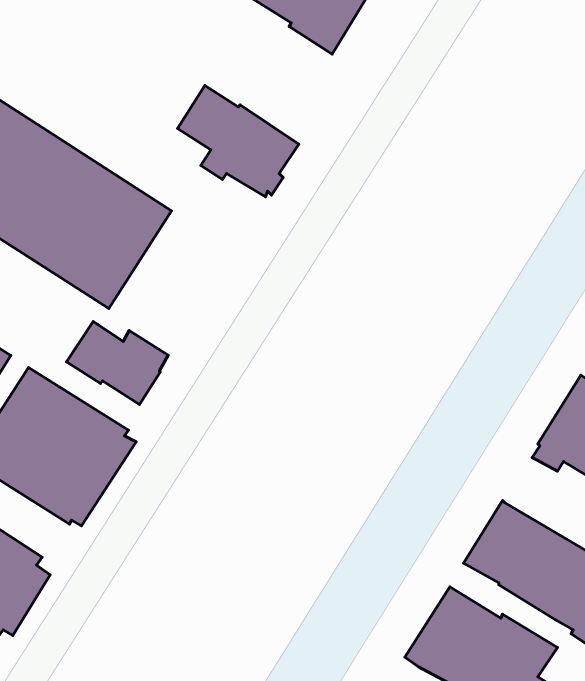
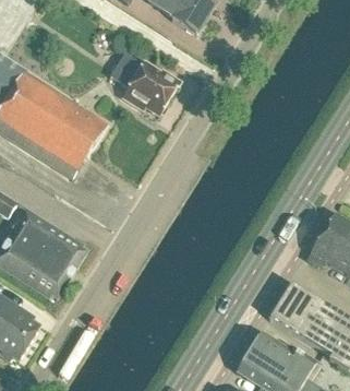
building: [66,322,168,404] -> none

